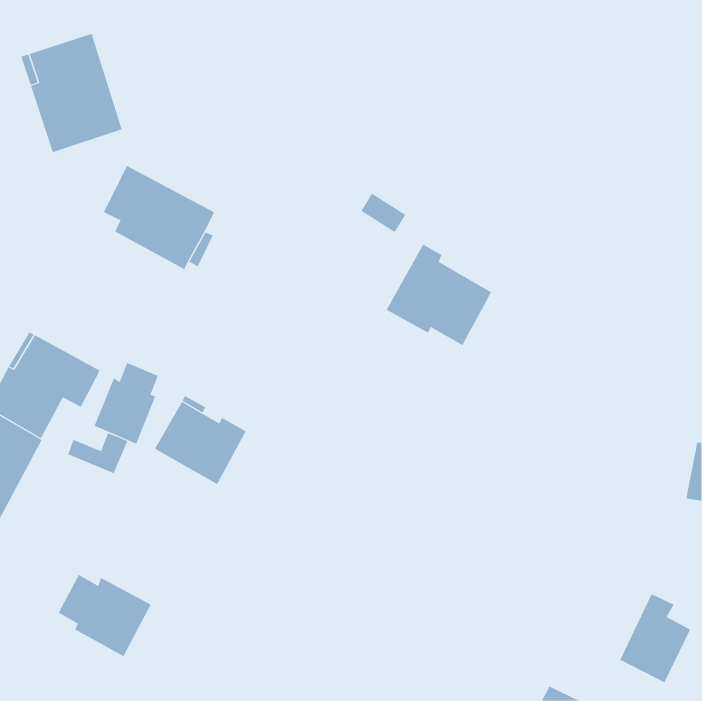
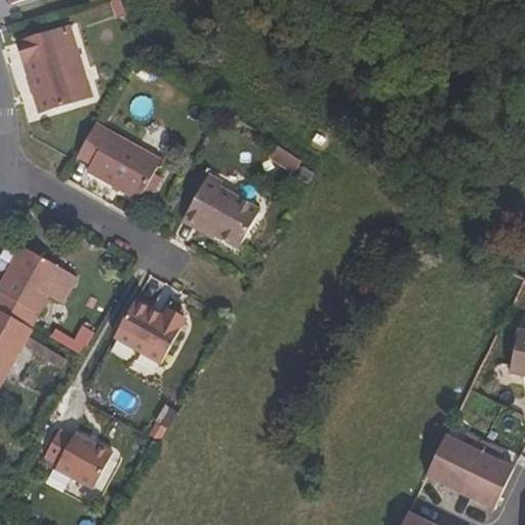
building: [386,244,492,346] -> [180,172,259,248]
building: [94,362,159,444] -> none
building: none -> [428,434,485,491]

